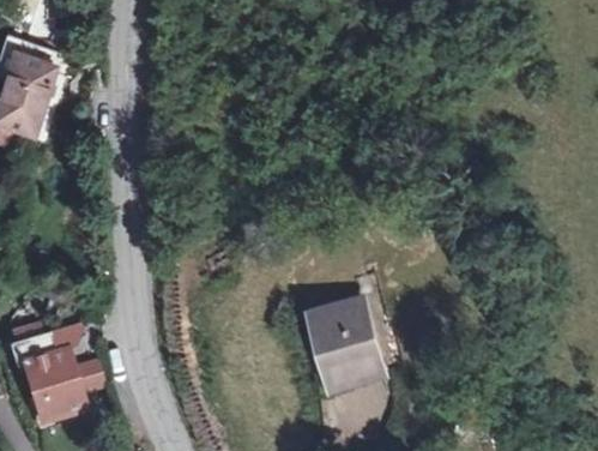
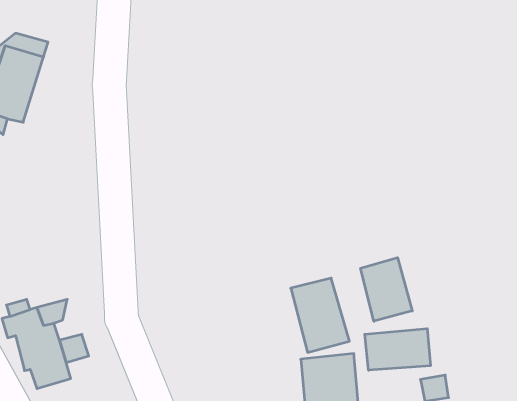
building: none -> [361,258,412,321]
building: none -> [365,329,430,370]

